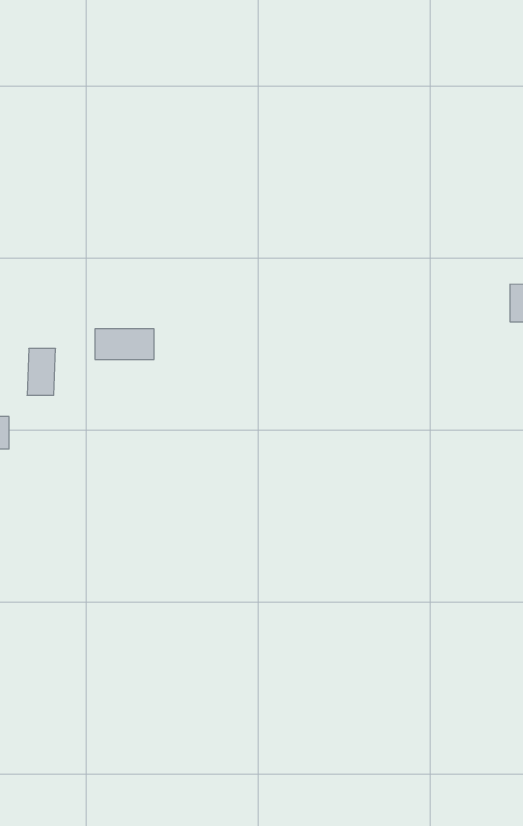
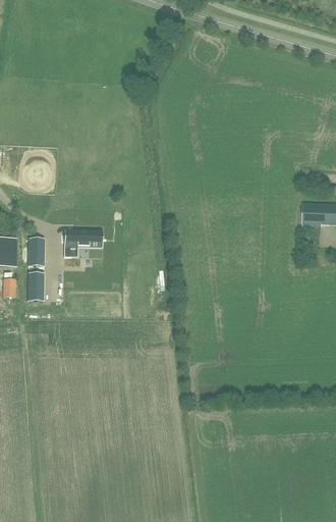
building: none -> [27,272,43,299]

